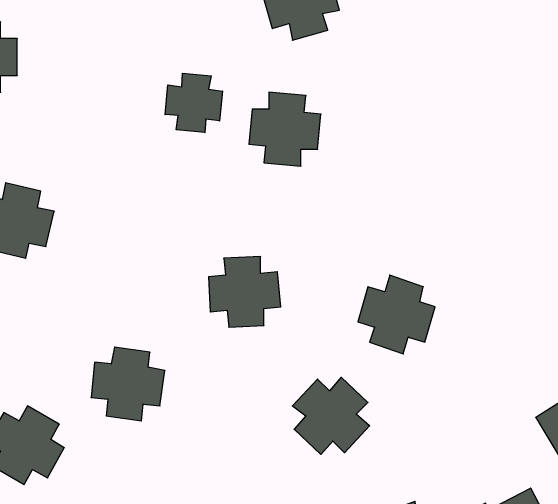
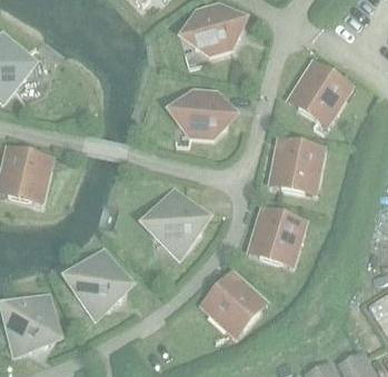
building: none -> [295,67,346,119]
building: [165,73,222,133] -> none
building: none -> [271,140,321,190]

